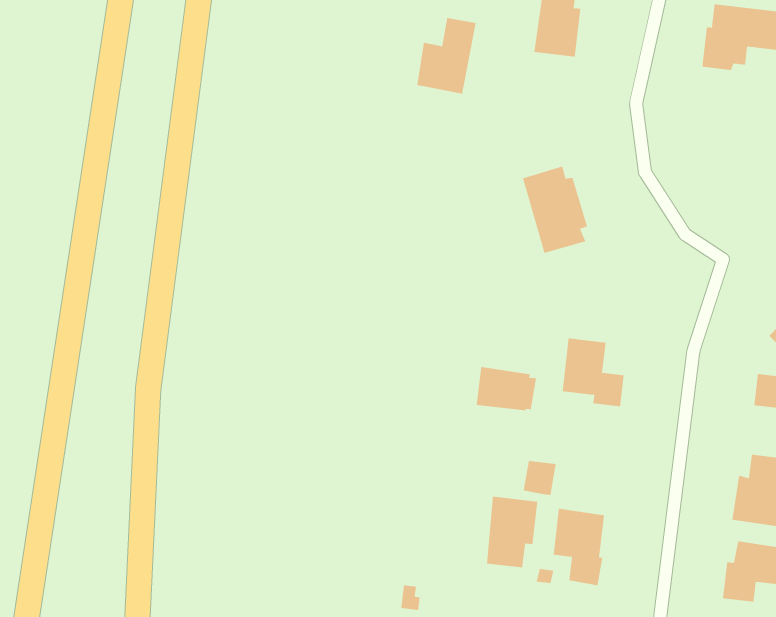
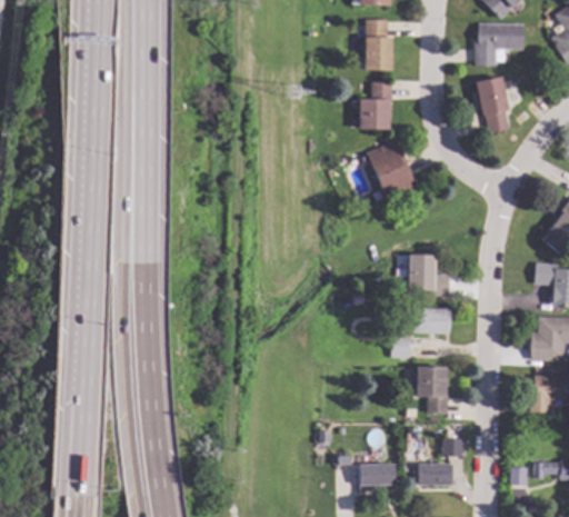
building: [417,18,476,94] -> [358,80,392,129]
building: none -> [476,76,510,133]
building: [476,367,537,411] -> [412,307,450,332]
building: [486,496,538,568] -> none

